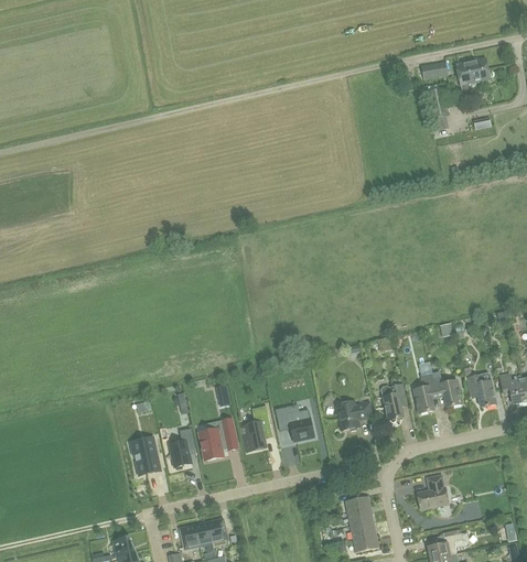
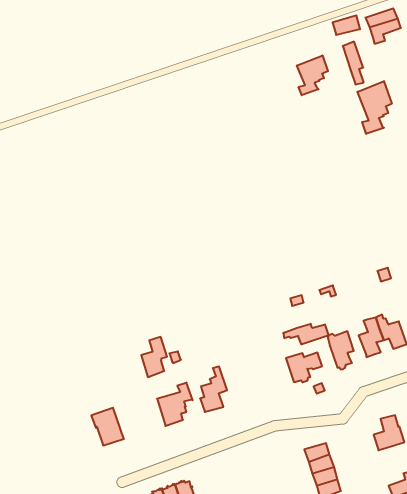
building: none -> [297,55,328,95]
building: none -> [357,81,392,134]
building: none -> [283,324,329,344]
building: [273,407,313,441] -> none
building: [169,428,195,467] -> [141,337,167,377]

